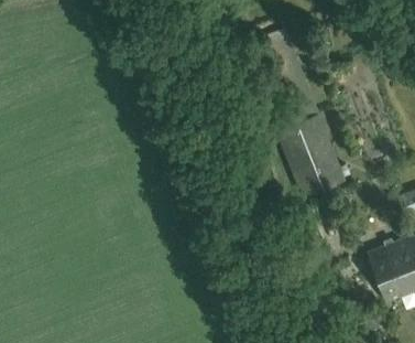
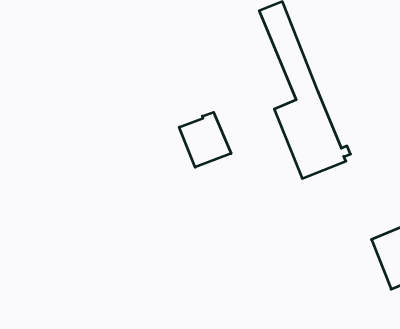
building: none -> [179,112,231,167]

